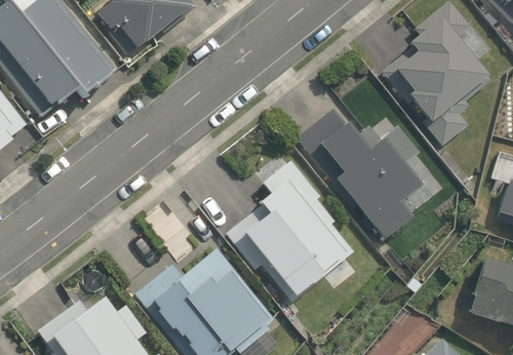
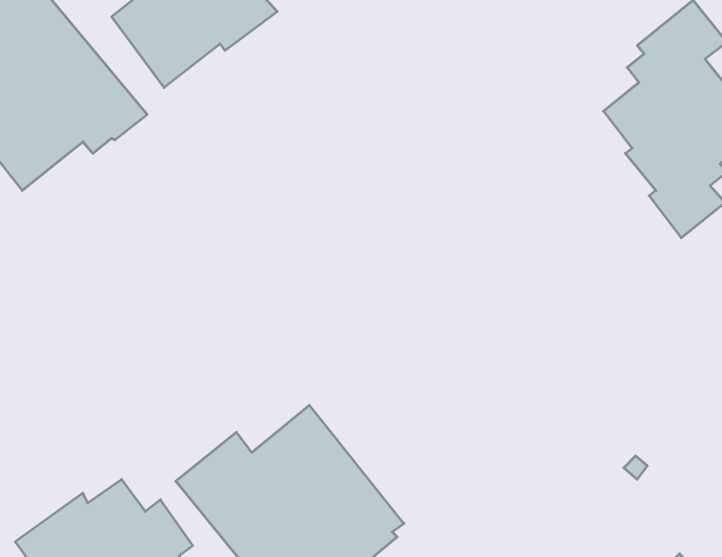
building: [297,108,419,238] -> none
building: [226,160,352,301] -> none

